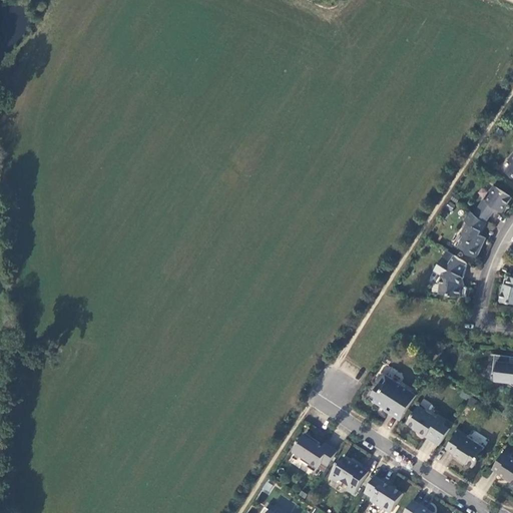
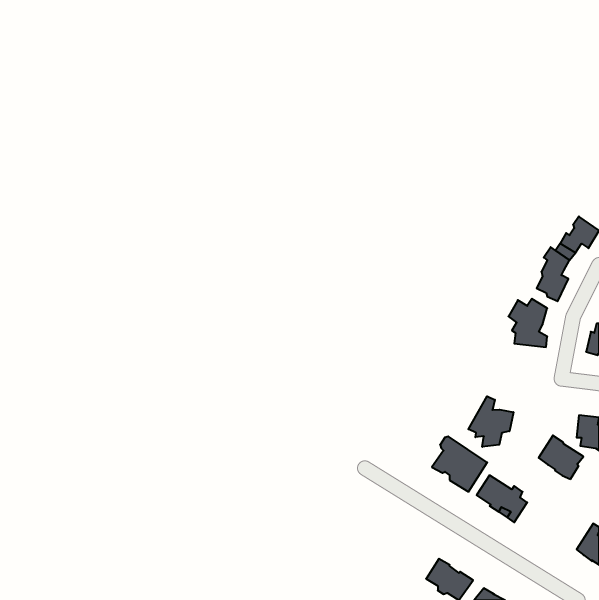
building: none -> [468,396,513,447]
building: [445,429,483,466] -> [539,435,583,479]
building: [292,433,337,473] -> none
building: [329,457,368,494] -> none

